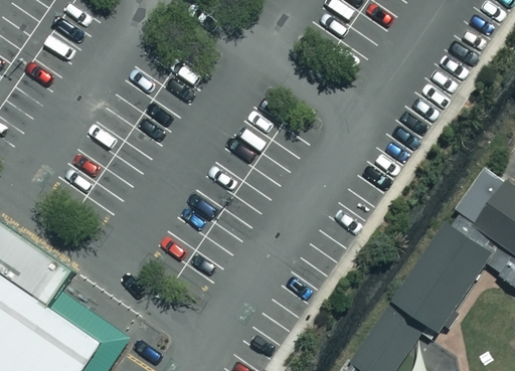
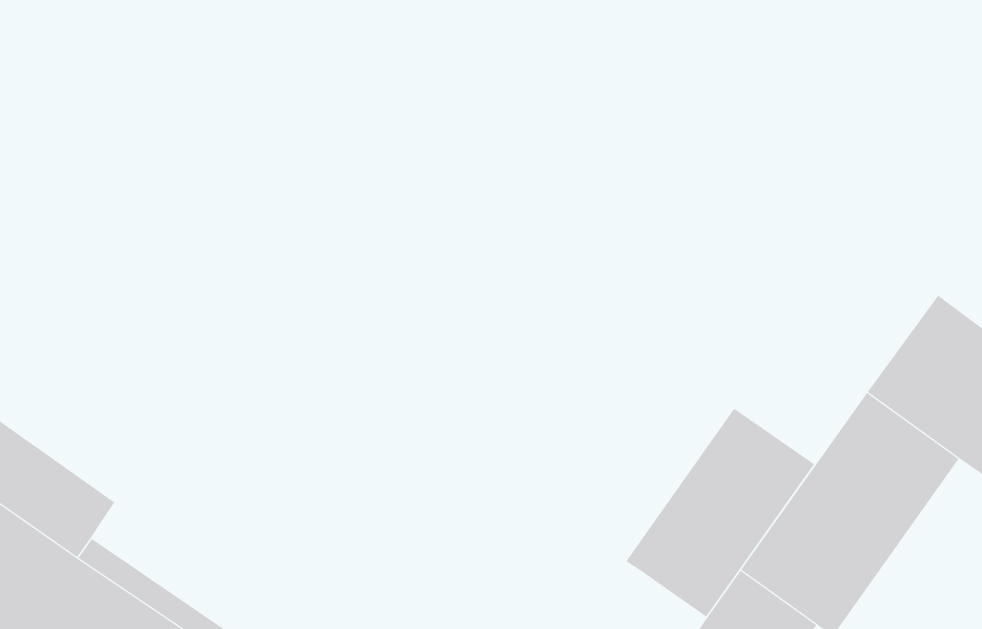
building: none -> [626,408,815,618]

